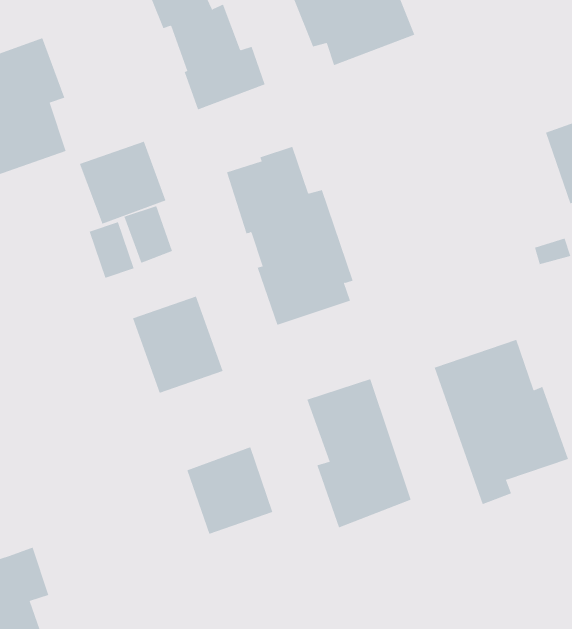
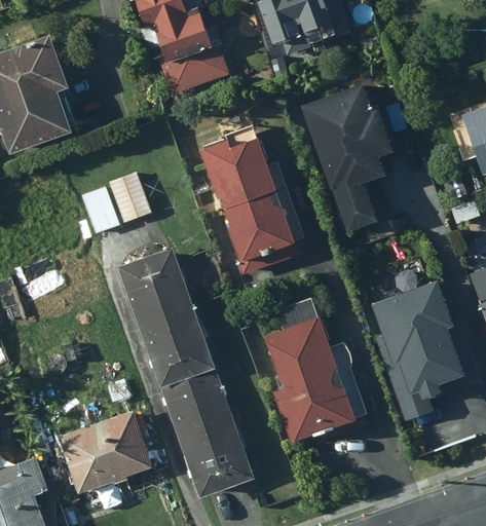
building: none -> [301,87,404,236]
building: [79,141,166,224] -> none
building: none -> [141,310,217,392]
building: none -> [59,410,152,491]
building: none -> [182,427,254,500]

